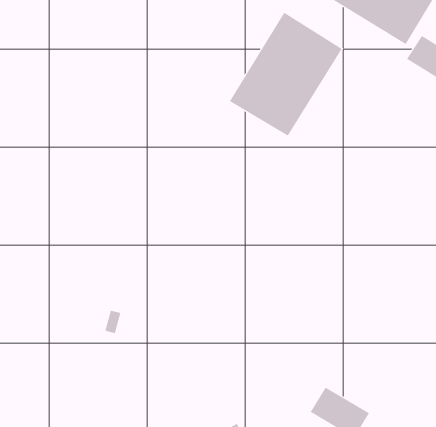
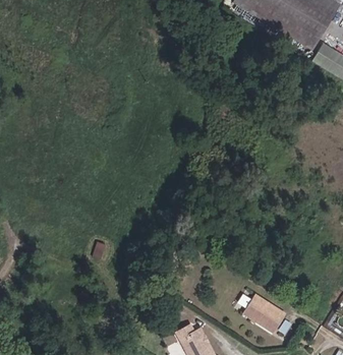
building: [229,12,343,137] -> none

